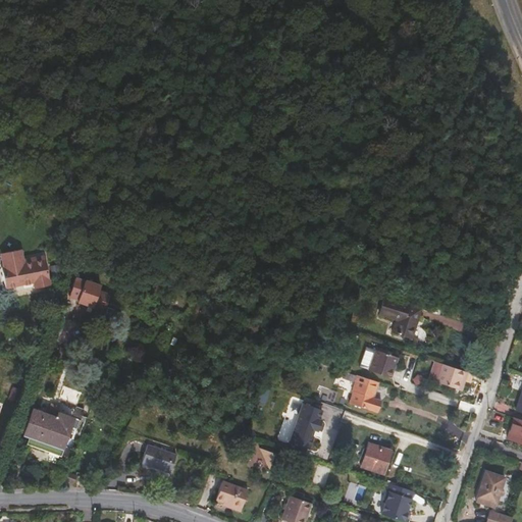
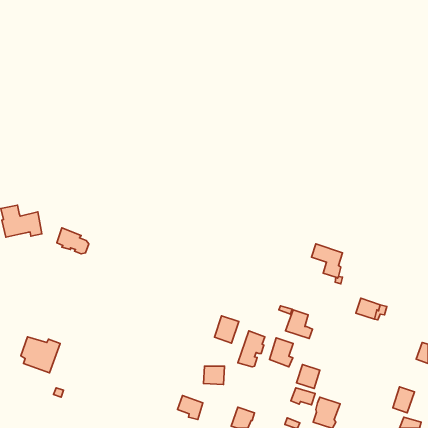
building: [367,350,394,377] -> none
building: none -> [214,316,239,343]
building: none -> [269,338,293,367]
building: [142,445,175,471] -> none
building: none -> [291,388,315,405]

